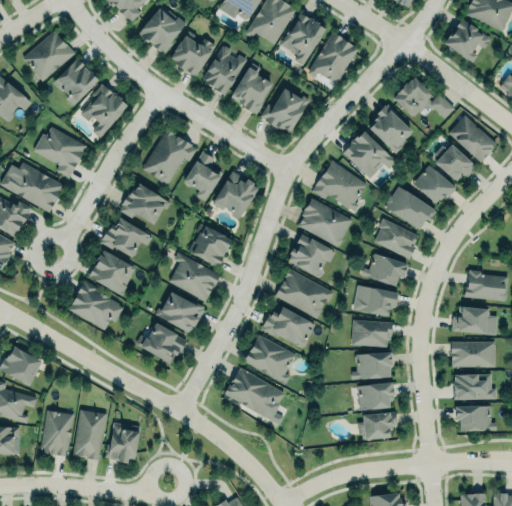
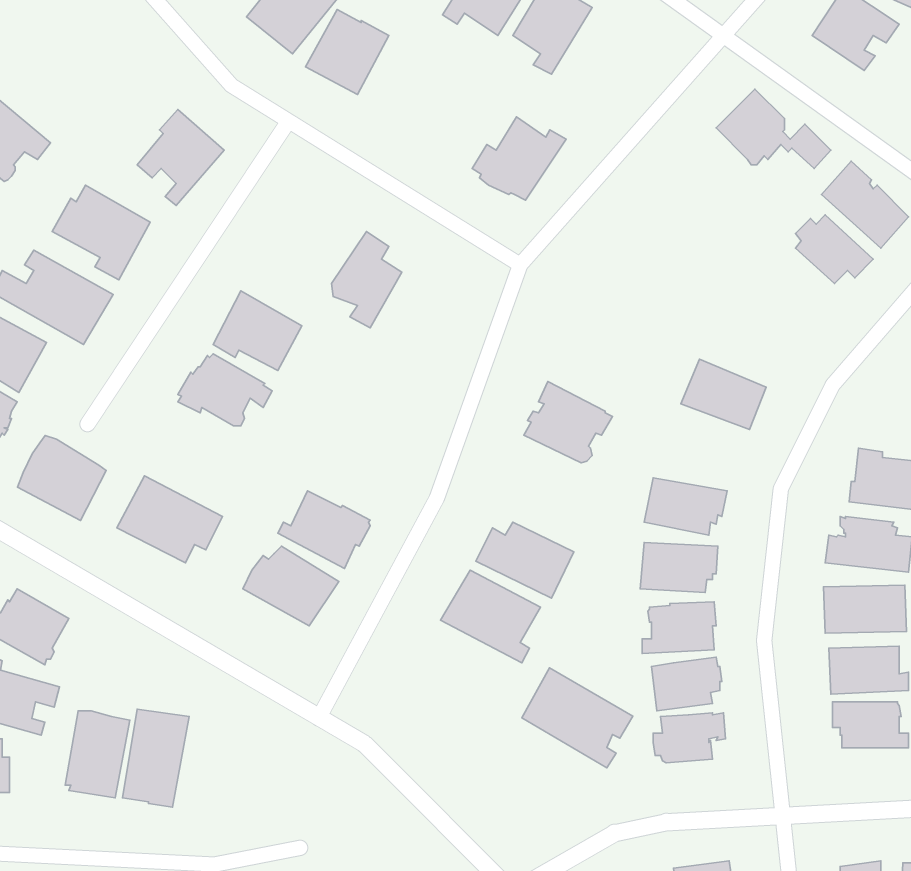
building: [22,31,74,82] -> none
building: [307,33,358,85] -> none
building: [202,45,245,96] -> none
building: [52,58,99,105] -> none
building: [230,63,272,115] -> none
building: [369,102,411,151] -> none
building: [142,128,197,186] -> none
building: [342,132,396,178] -> none
building: [312,159,367,211] -> none
building: [413,162,455,201] -> none
building: [211,171,258,220] -> none
building: [384,188,438,228] -> none
building: [297,199,353,248] -> none
building: [189,223,231,265] -> none
building: [88,249,136,295] -> [18,435,106,521]
building: [168,251,221,303] -> none
building: [361,251,407,285] -> none
building: [275,271,332,318] -> none
building: [225,366,285,420] -> [522,668,633,768]
building: [104,421,140,463] -> none

